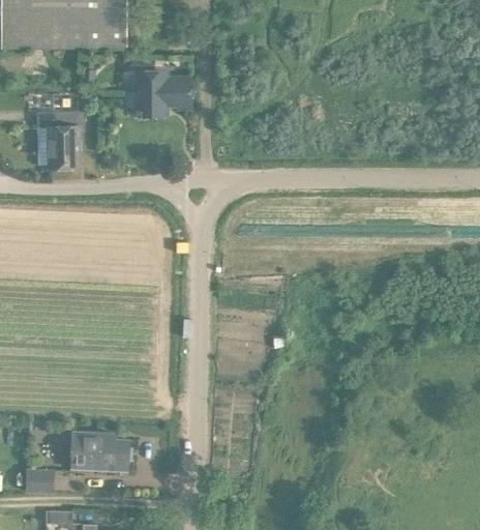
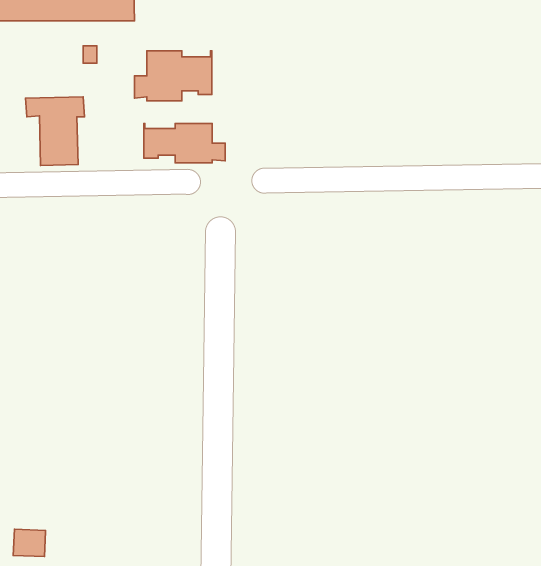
building: none -> [144,123,225,163]
building: [71,432,128,471] -> none

